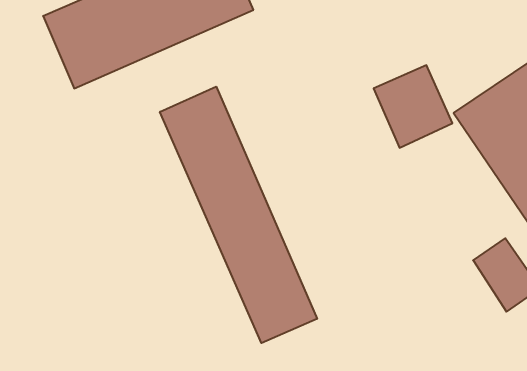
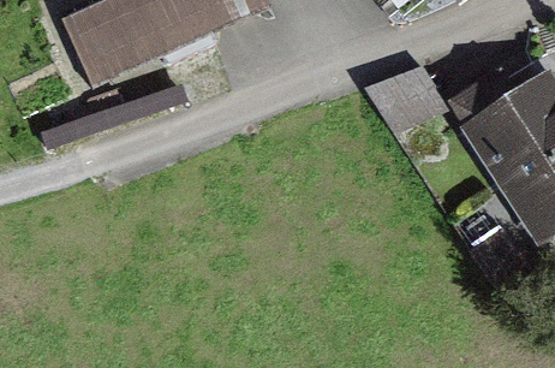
building: [160,87,317,343] -> none

